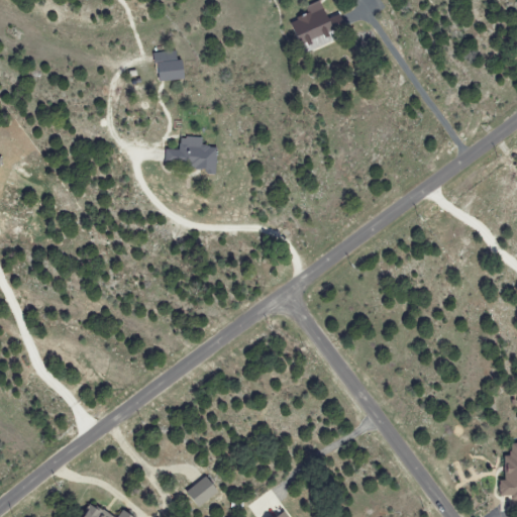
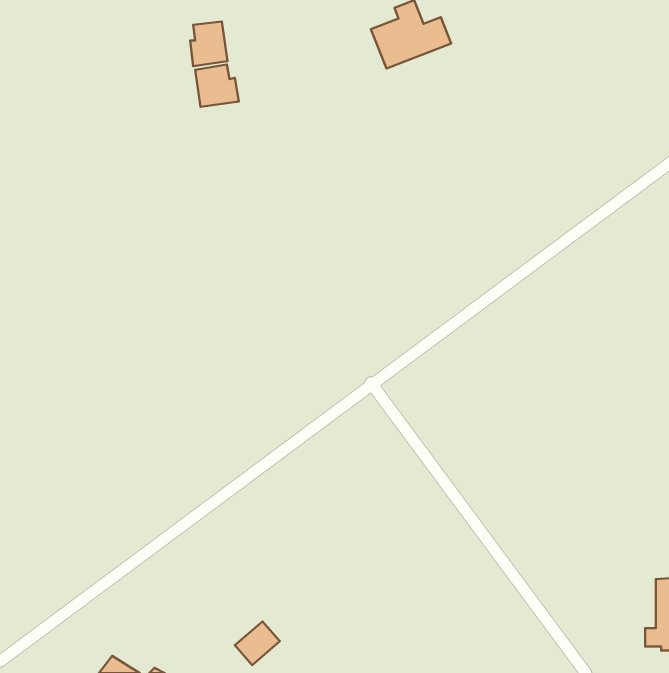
building: none -> [190,21,228,66]
building: [166,136,219,170] -> none

